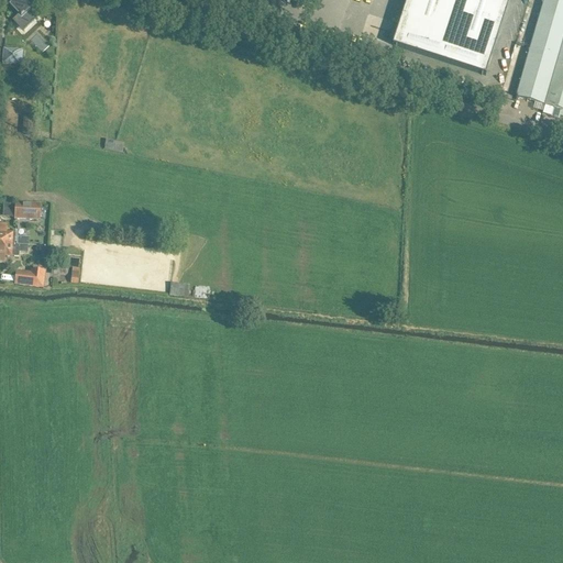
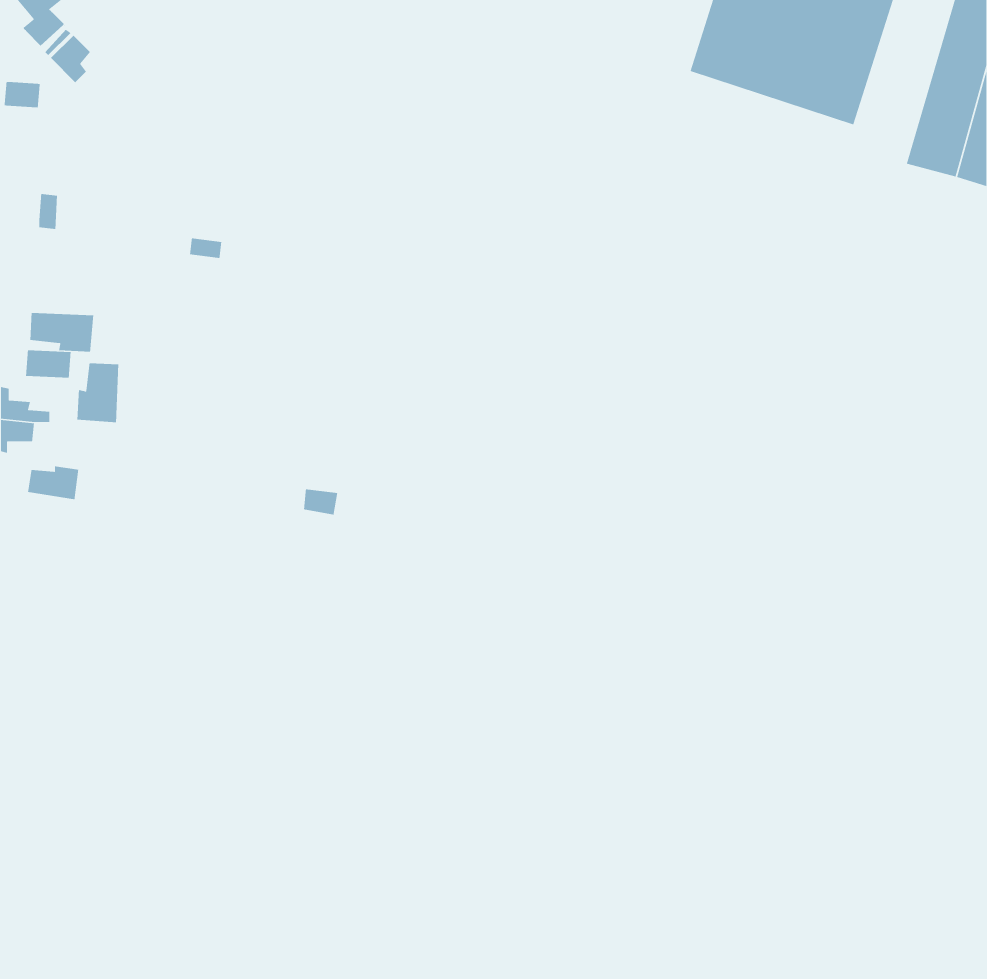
building: none -> [30,312,94,352]
building: none -> [77,363,119,423]

